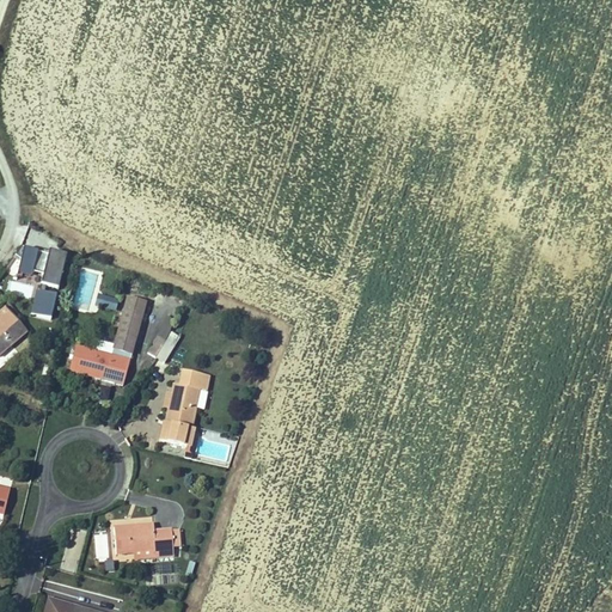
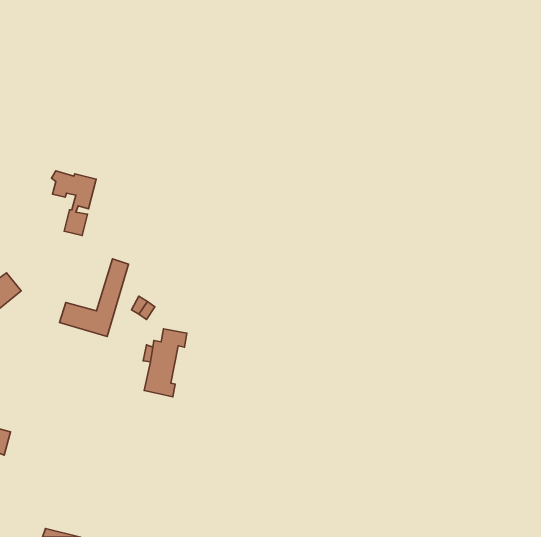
building: [16,243,66,316] -> [52,171,96,235]
building: [115,525,175,558] -> none

